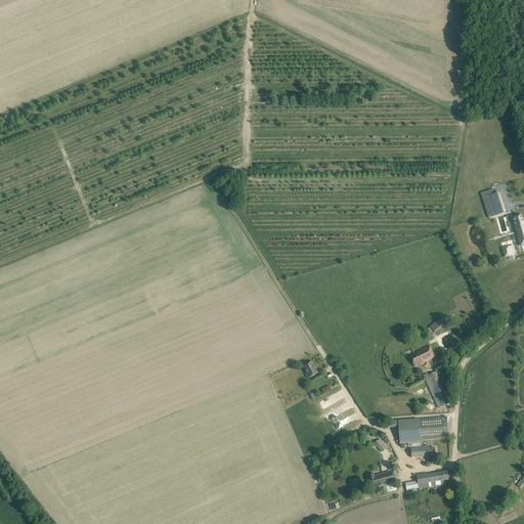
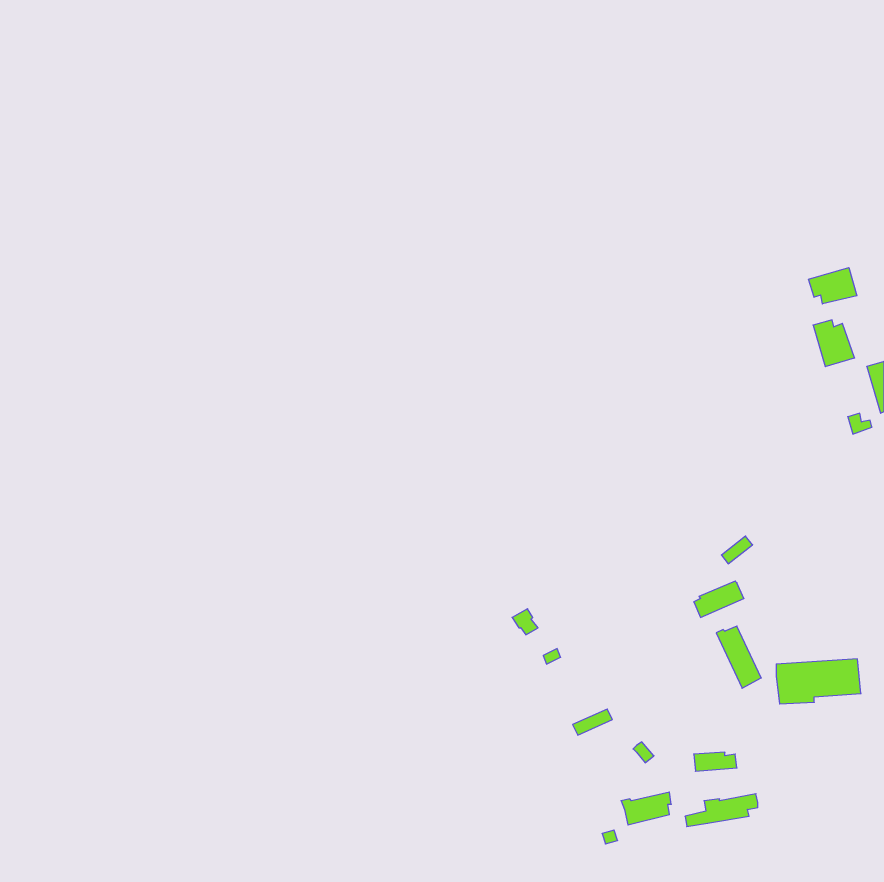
building: none -> [809,268,857,304]
building: [398,417,448,443] -> [776,659,861,704]

